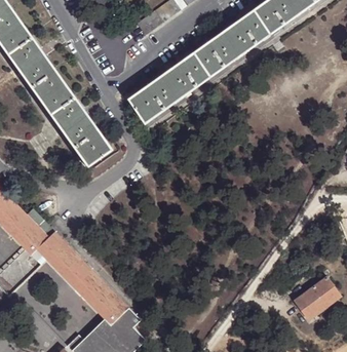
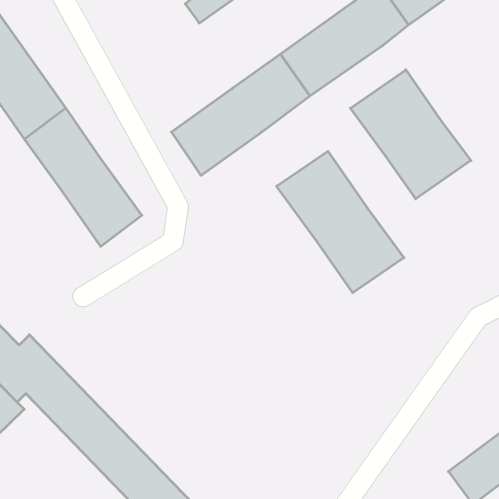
building: none -> [350,70,471,199]
building: none -> [277,151,404,293]

